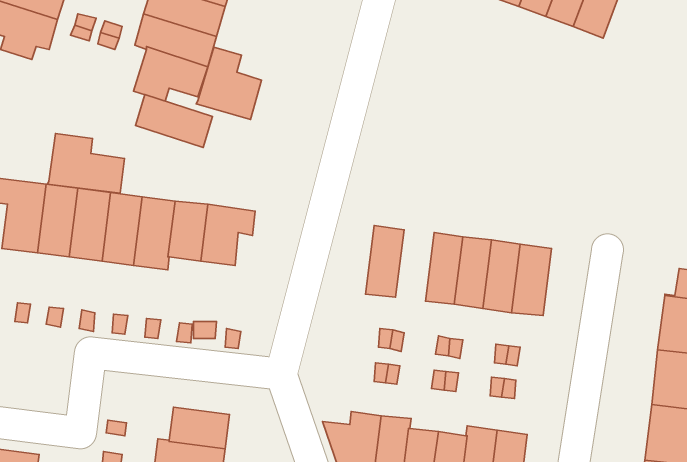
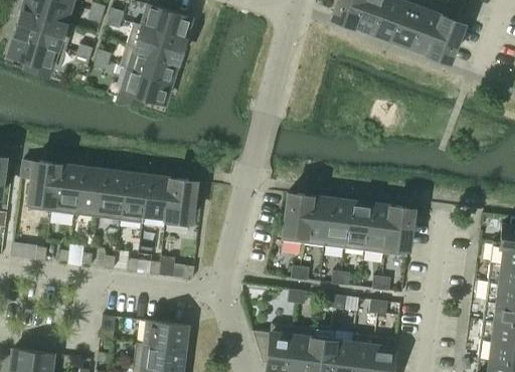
building: [196,47,262,119] -> none
building: [135,95,212,148] -> none
building: [47,134,124,193] -> none
building: none -> [304,196,331,246]

